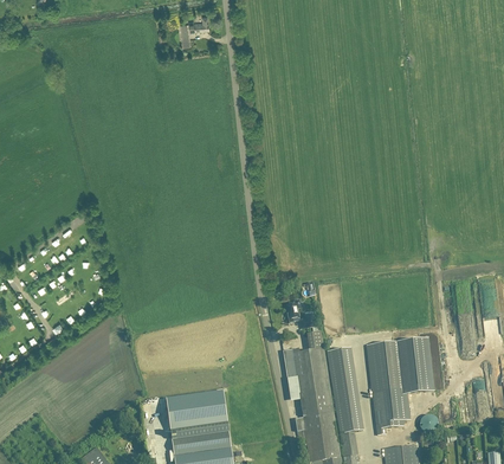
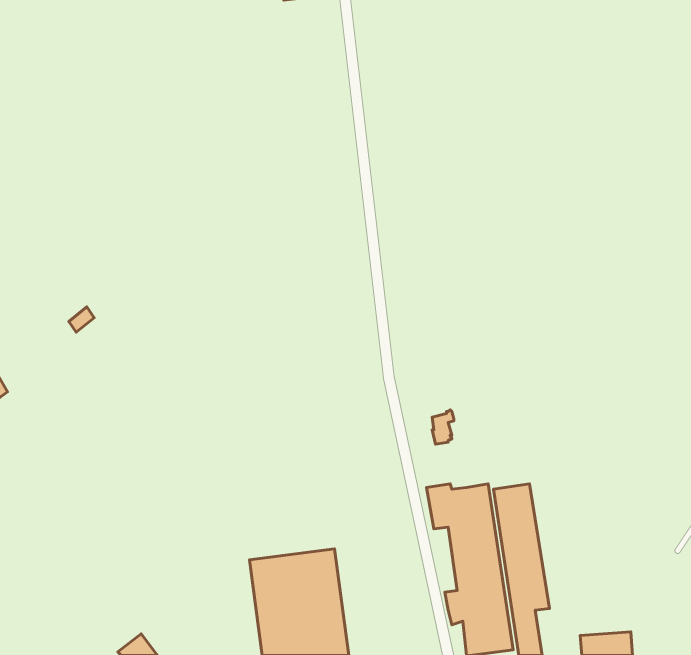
building: [367,337,433,434] -> none

